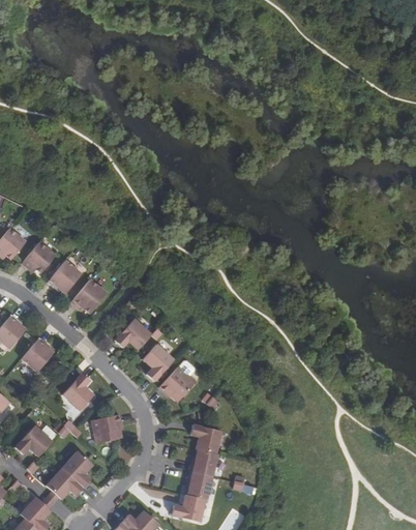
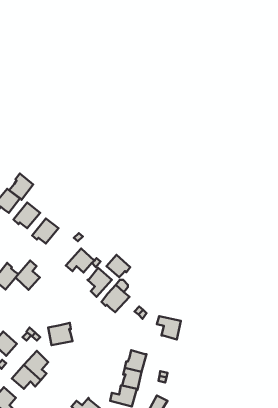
building: none -> [9,174,33,200]
building: none -> [106,255,130,277]
building: [63,373,94,410] -> [16,261,40,290]
building: [190,424,221,454] -> [157,316,181,339]

